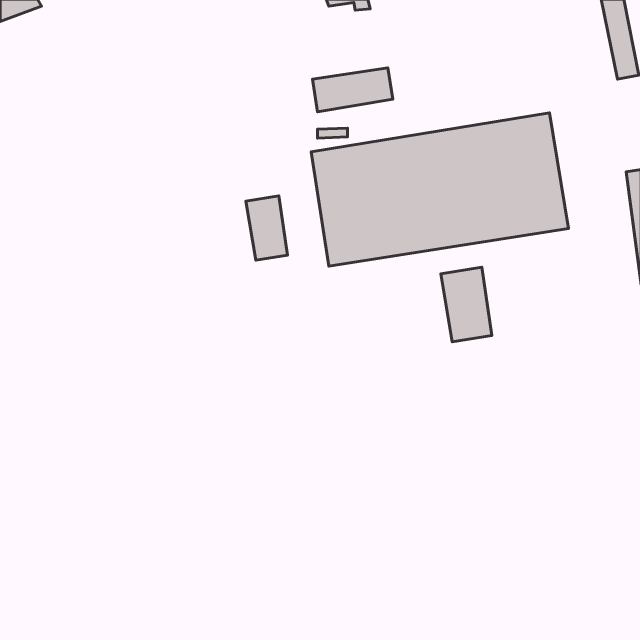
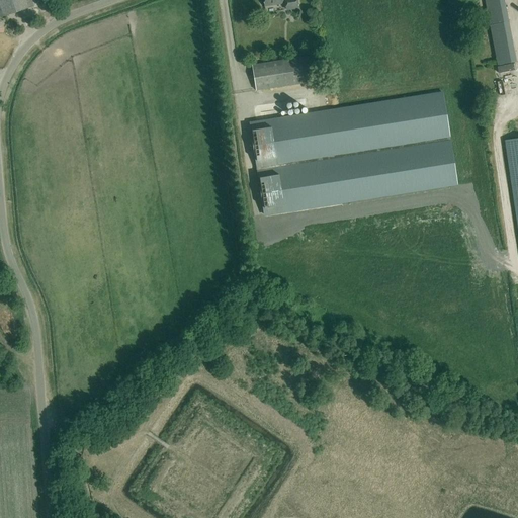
building: [246,196,288,260] -> none
building: [441,267,492,342] -> none

